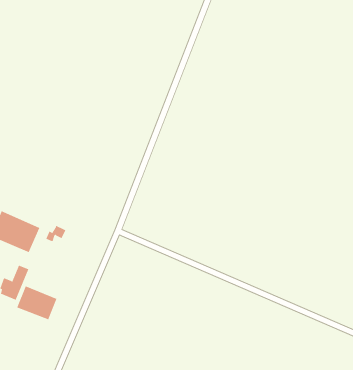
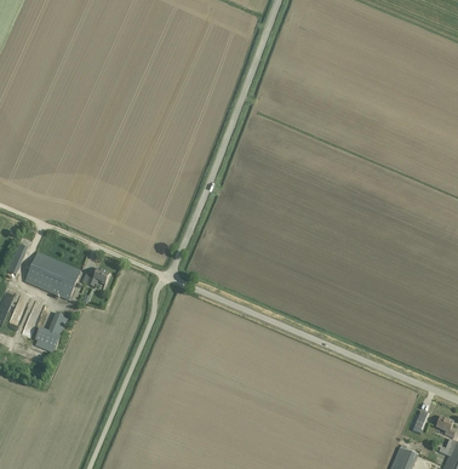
building: [16,285,57,320] -> none

